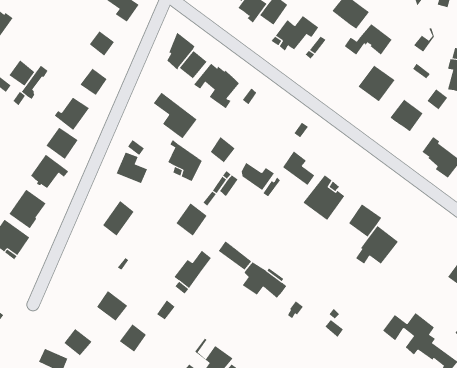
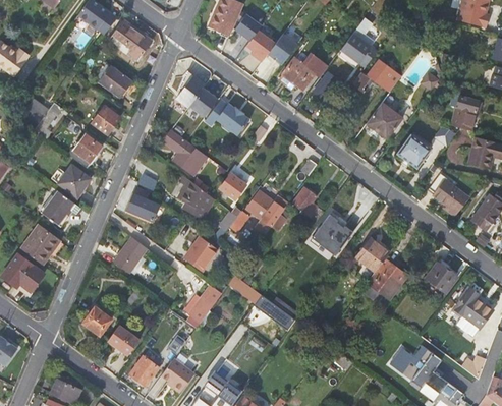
building: none -> [426,257,459,293]
building: none -> [161,357,194,392]
building: [64,328,93,356] -> [83,308,112,336]

